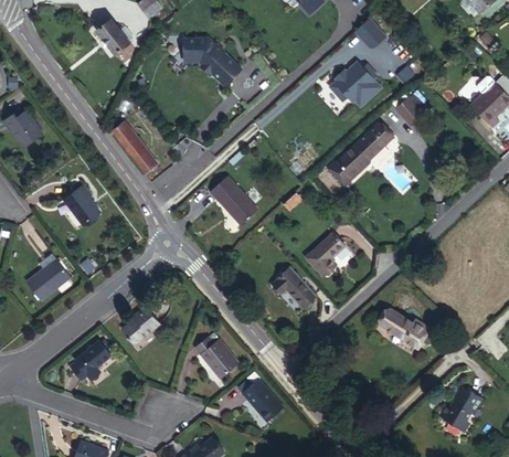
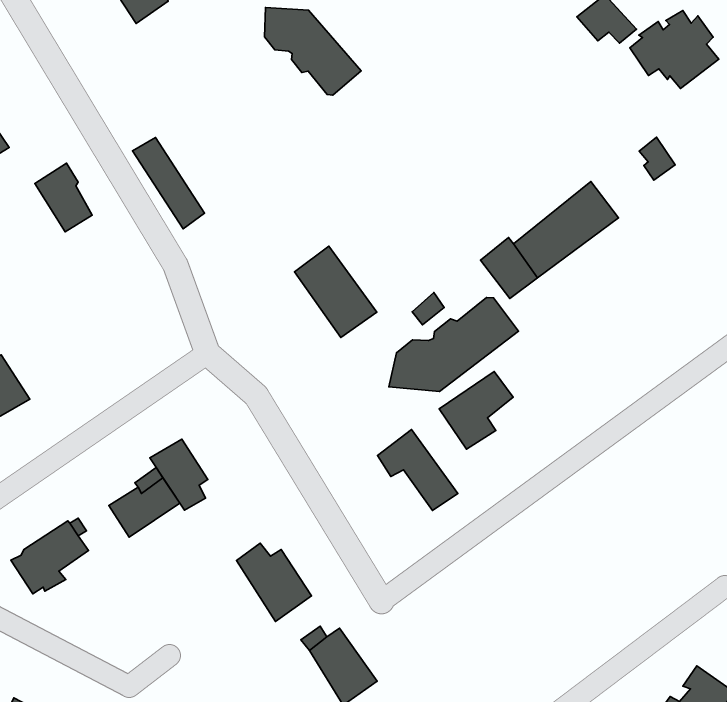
building: [328,62,379,106] -> [630,10,719,89]
building: [67,187,102,225] -> [35,163,92,232]
building: none -> [389,298,519,391]
building: none -> [150,439,208,510]
building: [381,310,430,347] -> none

